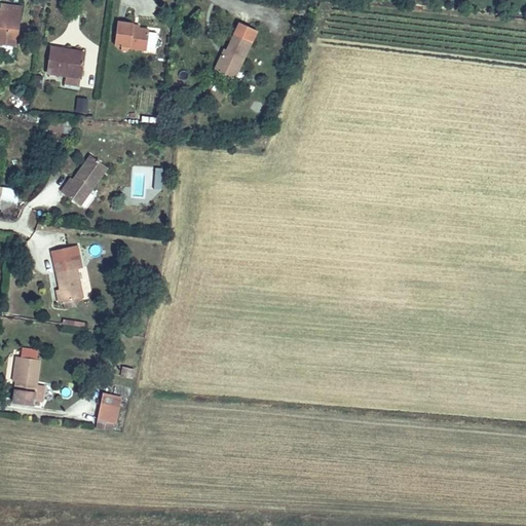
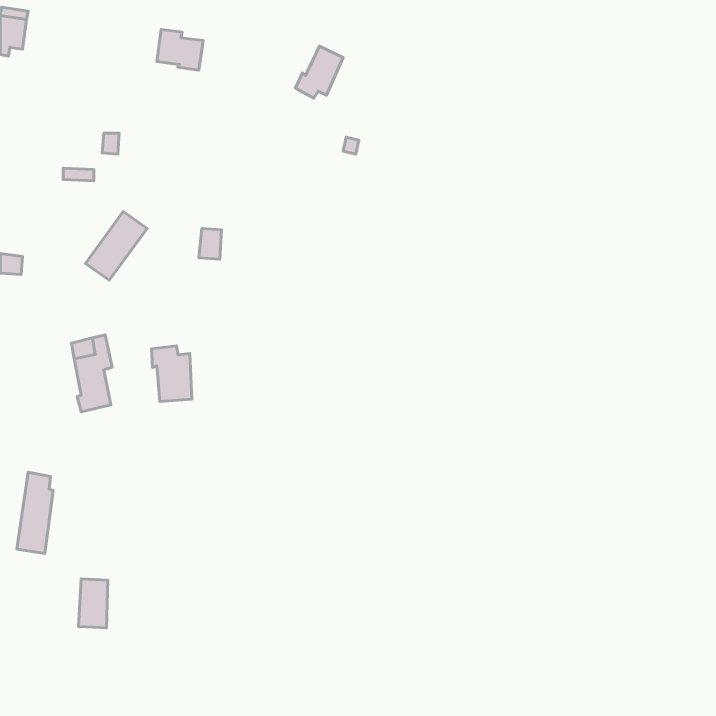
building: [49,47,84,74] -> none
building: none -> [151,346,192,401]
building: [97,393,118,429] -> [78,579,108,628]

